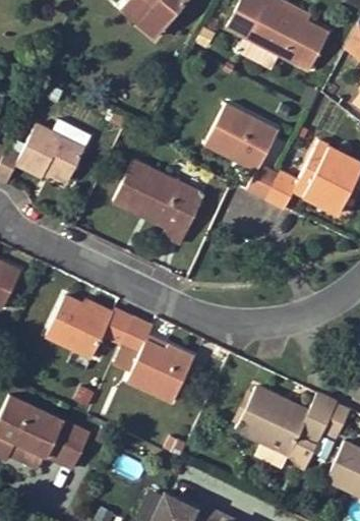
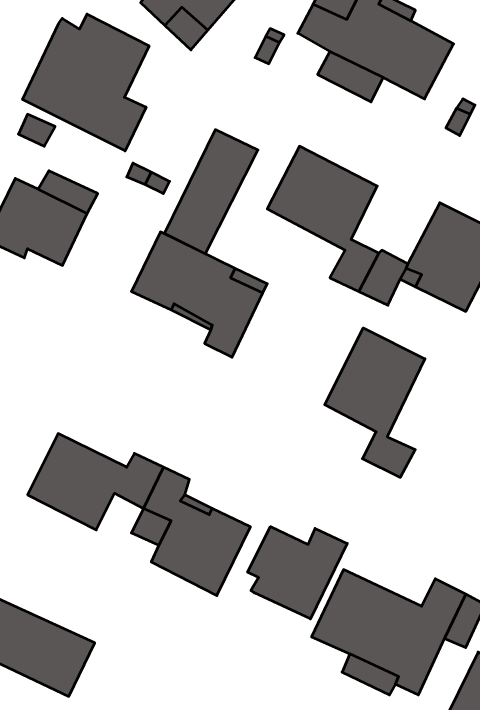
building: none -> [23,14,149,151]
building: none -> [164,130,258,254]
building: none -> [325,328,425,477]
building: none -> [248,527,347,619]

